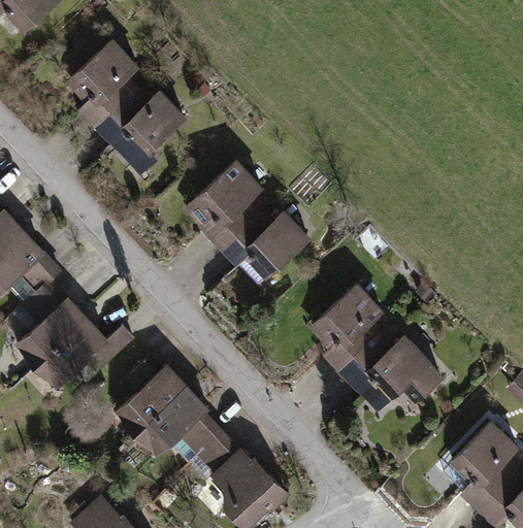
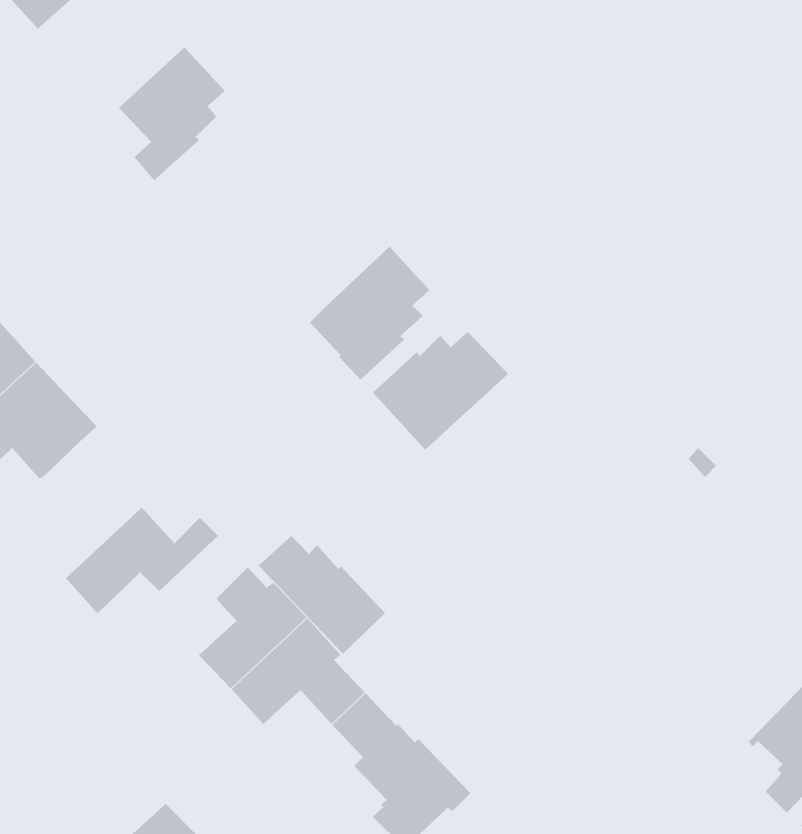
building: [102,93,185,165] -> none
building: [21,280,87,363] -> none
building: [317,286,382,367] -> none
building: [347,336,440,409] -> none
building: none -> [258,535,386,655]

